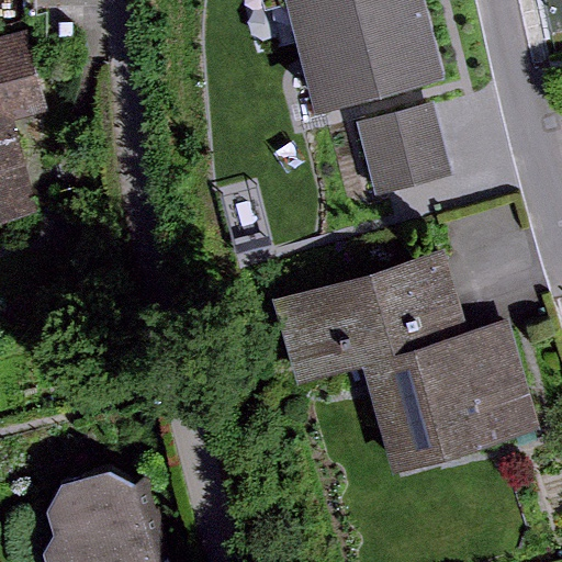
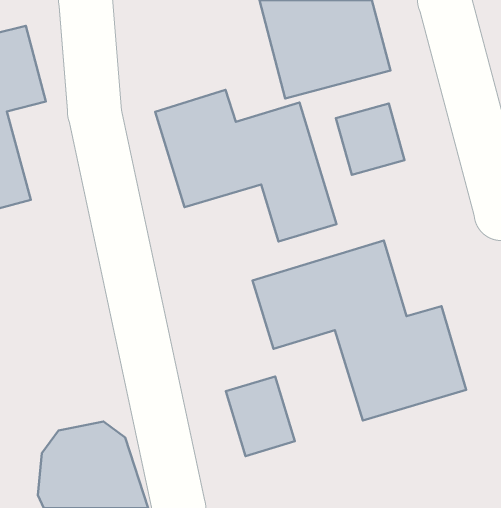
building: none -> [155,90,336,242]
building: none -> [226,376,295,456]

